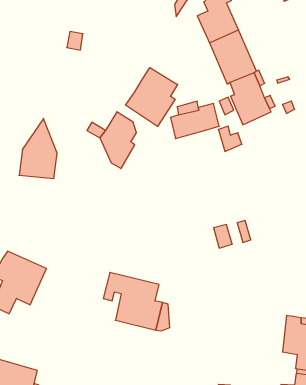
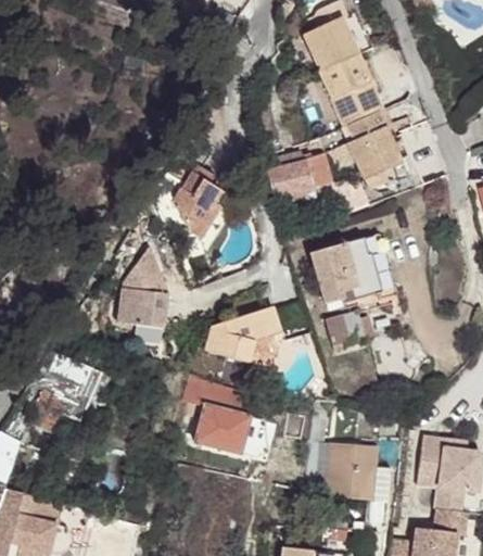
building: [126,68,178,126] -> none
building: [19,118,57,178] -> [117,247,168,327]
building: none -> [308,233,396,304]
building: none -> [205,306,282,367]
building: none -> [326,442,390,500]

